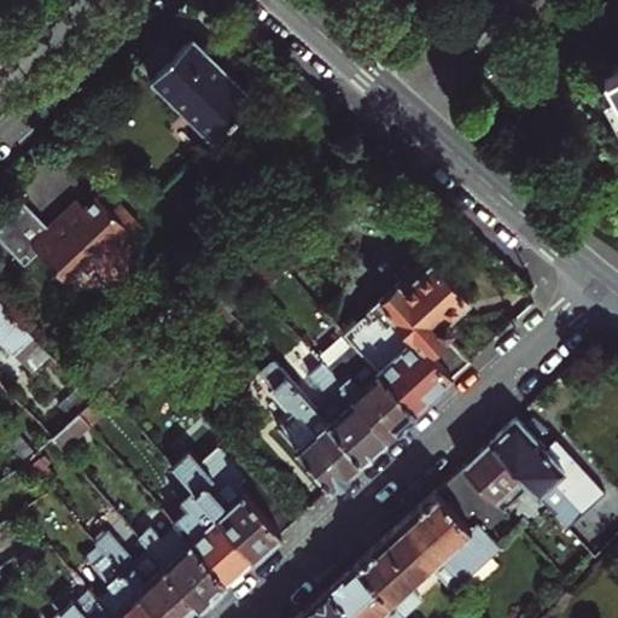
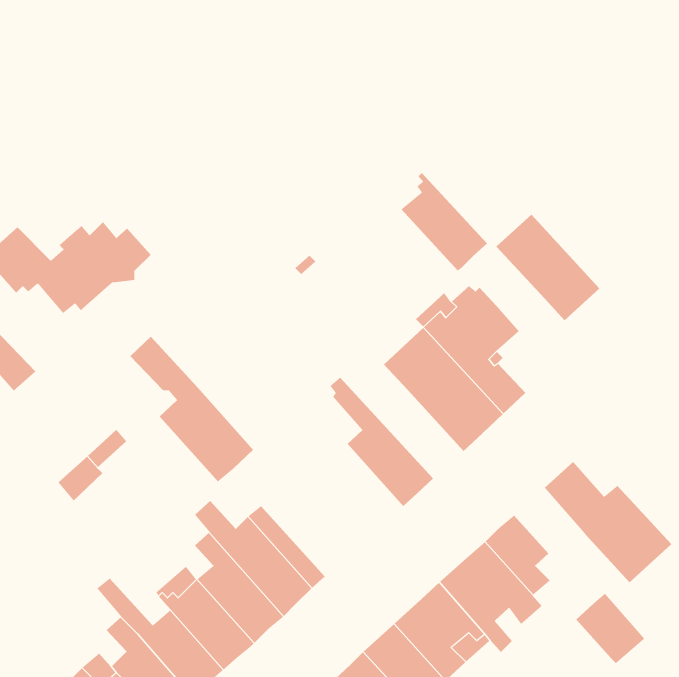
building: [135,40,251,146] -> none
building: none -> [401,172,488,272]
building: none -> [496,214,600,321]
building: [307,338,418,438] -> none
building: [251,361,363,492] -> [129,336,254,482]
building: [464,447,526,511] -> [576,593,645,664]

